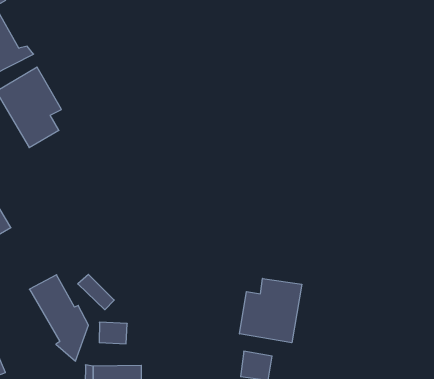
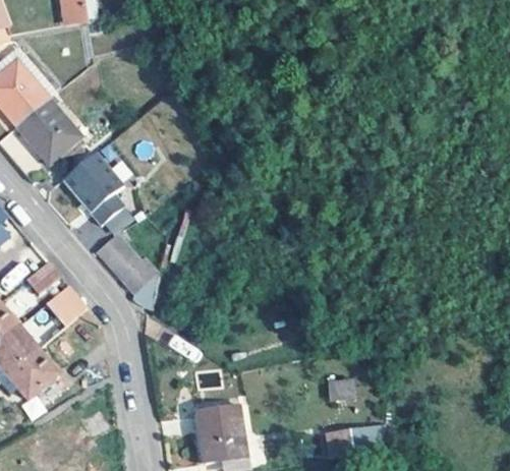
building: [29,275,88,361] -> [100,235,159,310]
building: [240,278,302,343] -> none

